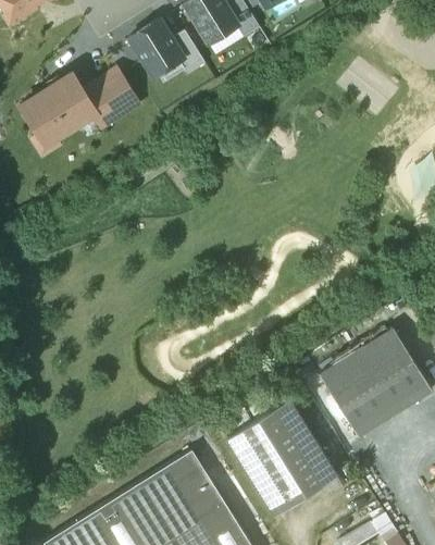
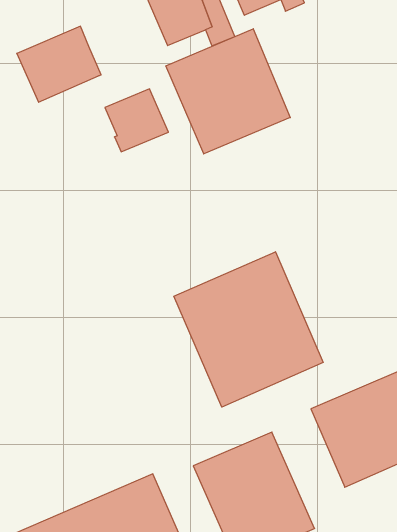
building: none -> [166,29,290,154]
building: [83,70,140,127] -> [105,89,168,152]
building: none -> [174,252,323,407]

